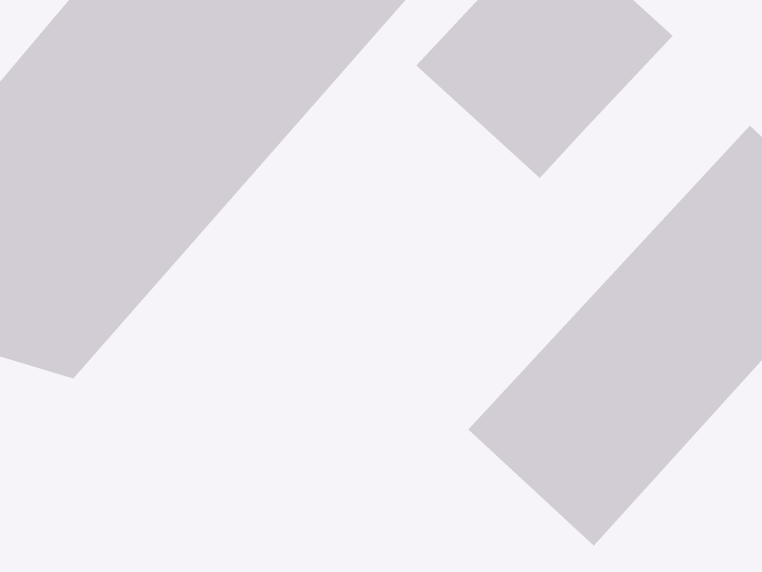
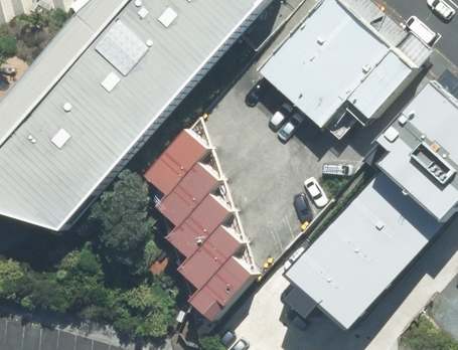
building: none -> [340,48,412,122]
building: none -> [142,135,252,323]

